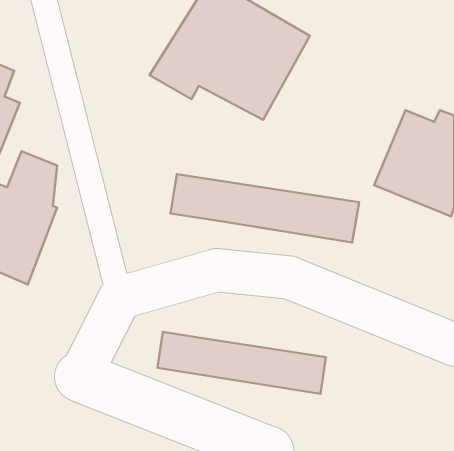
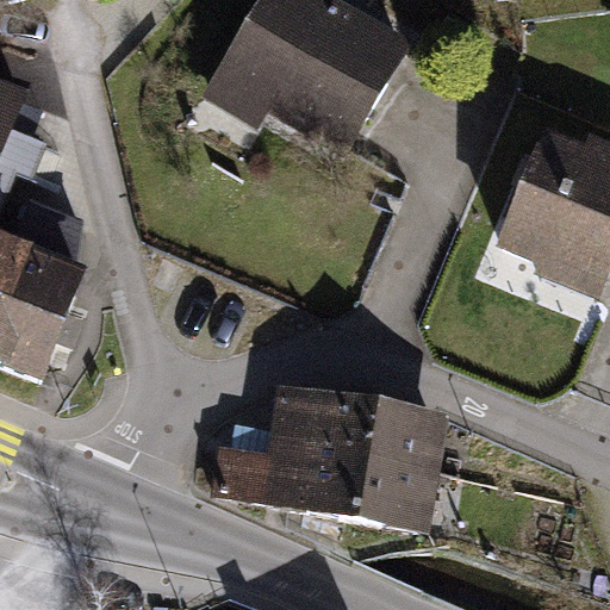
building: [170,174,359,242] -> none
building: none -> [269,386,444,475]

